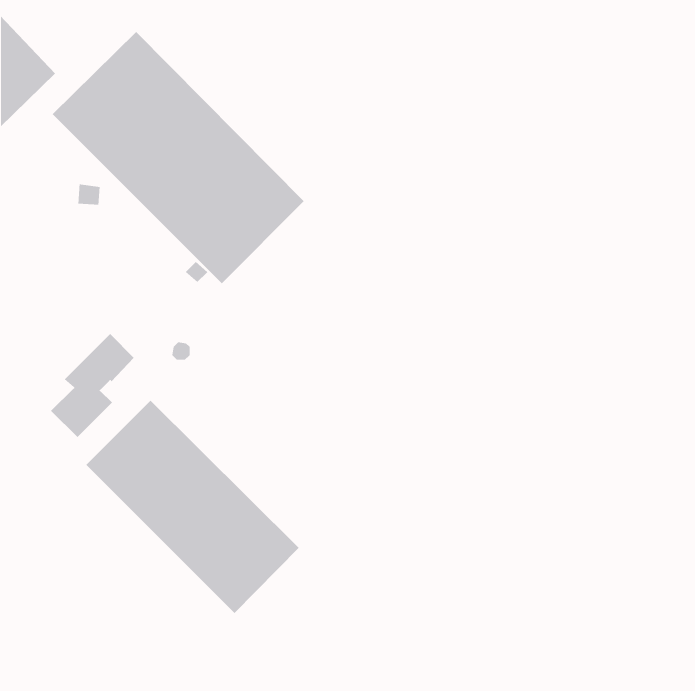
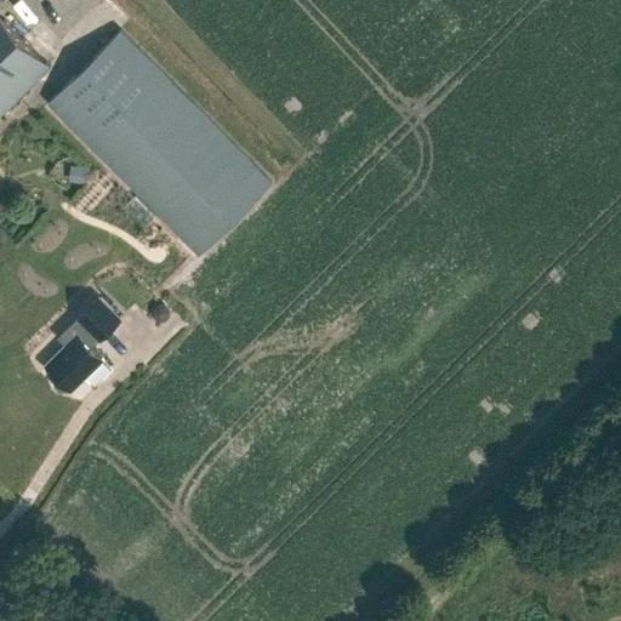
building: [86,400,299,614] -> none

